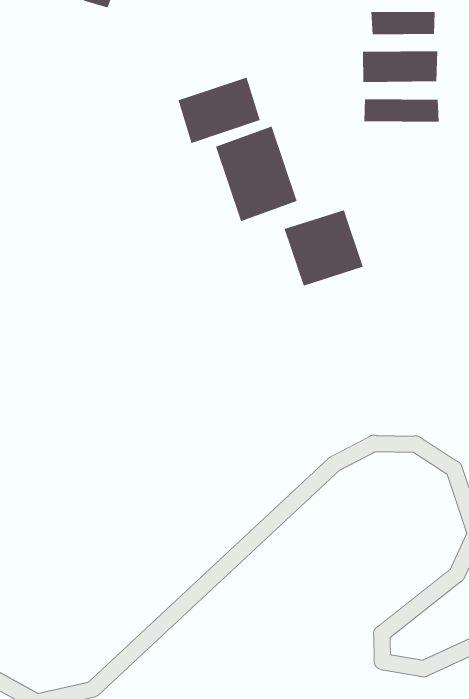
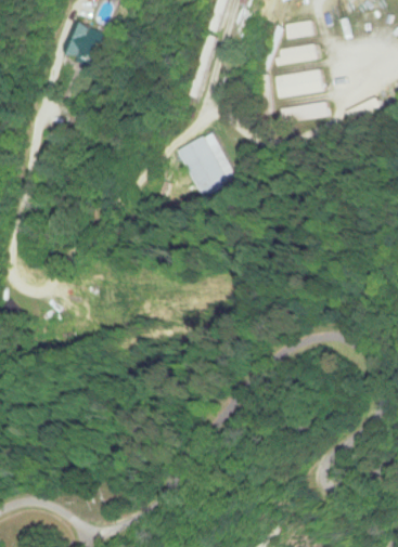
building: [178,77,260,144] -> none
building: [284,209,364,286] -> none

